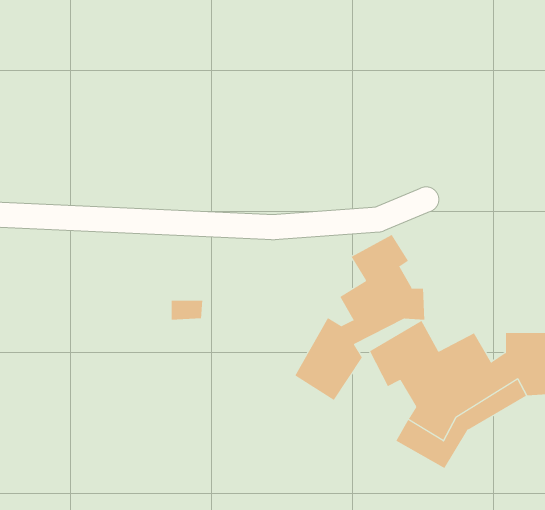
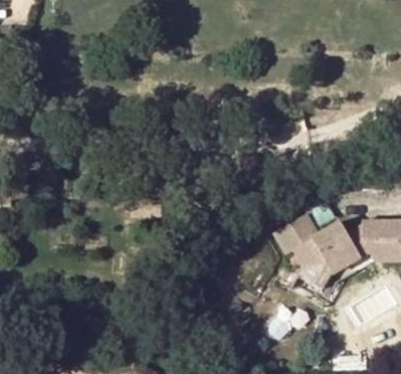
building: [294,234,425,401] -> none

